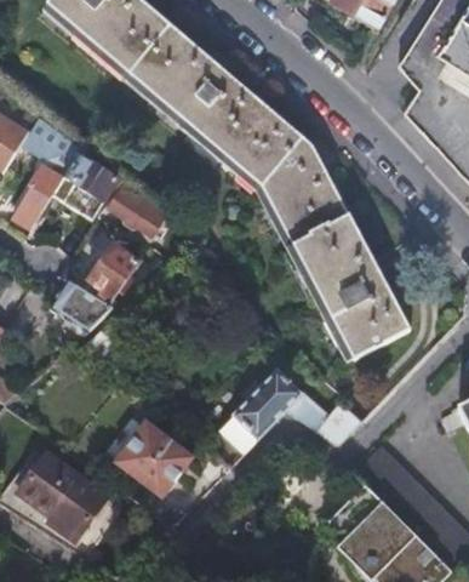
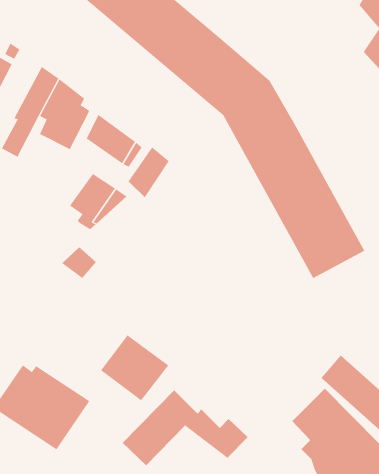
building: none -> [128,147,170,198]
building: [48,283,103,330] -> none
building: [222,366,360,450] -> [122,389,249,466]

